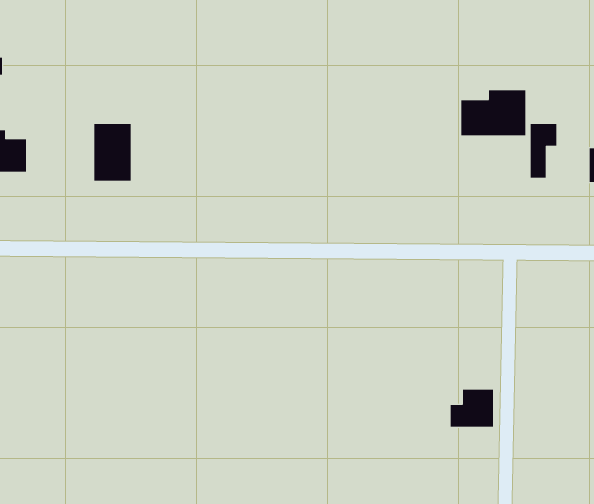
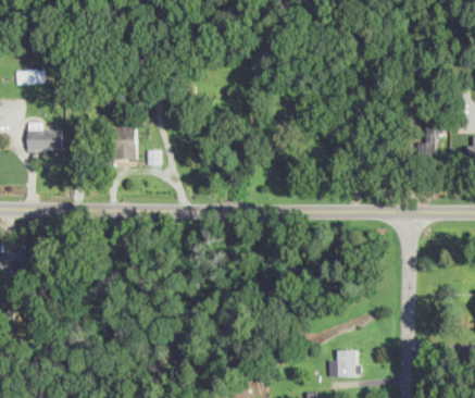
building: [461,89,526,136] -> none
building: [450,389,494,427] -> [328,350,360,377]

